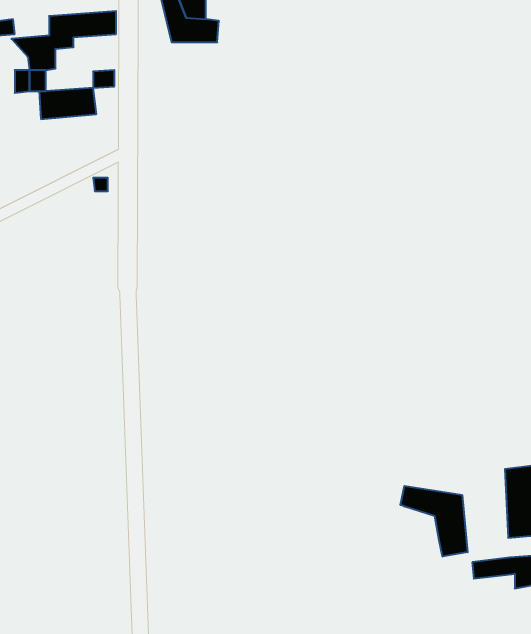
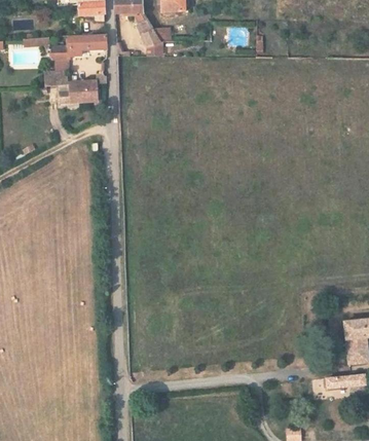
building: [400,486,468,557] -> none

